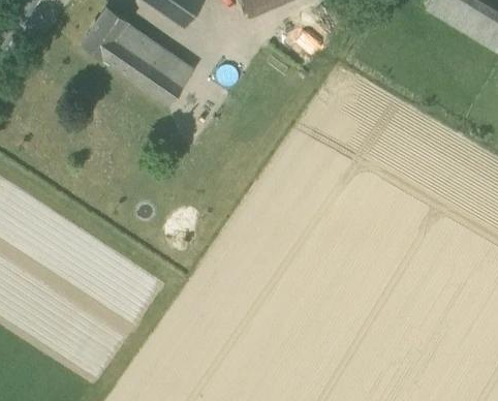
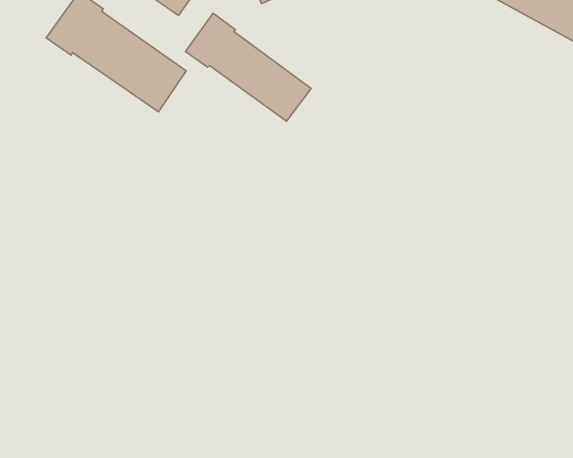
building: none -> [186,13,311,121]

